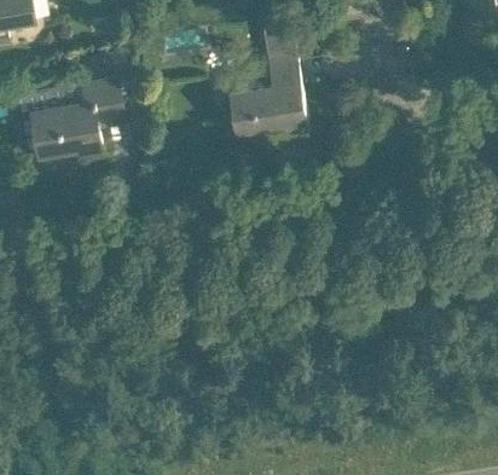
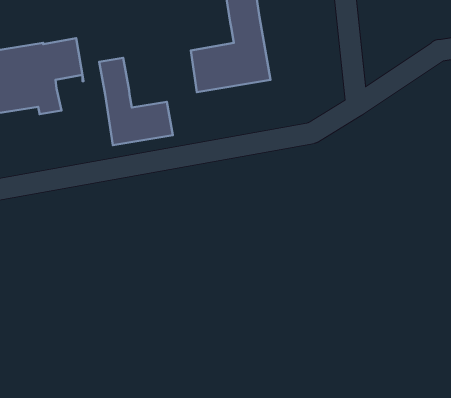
building: none -> [99,58,173,145]

